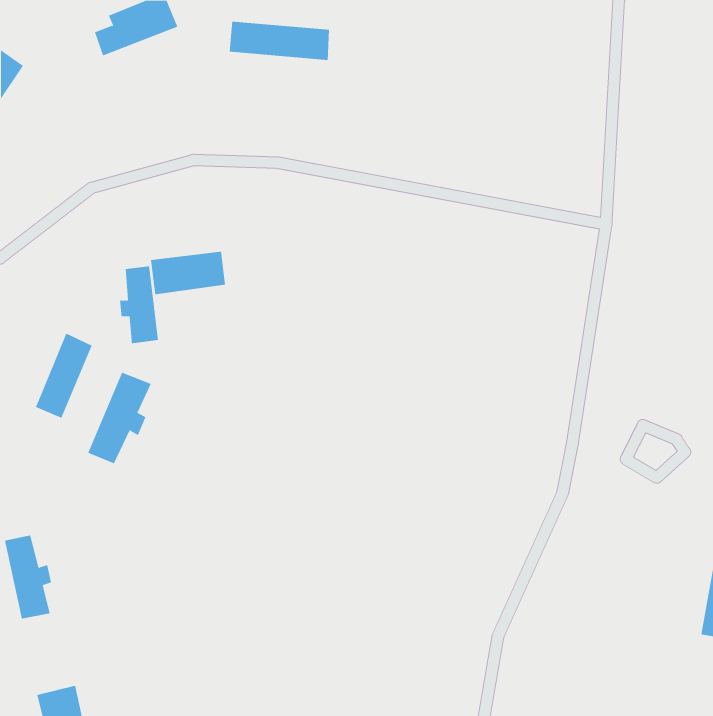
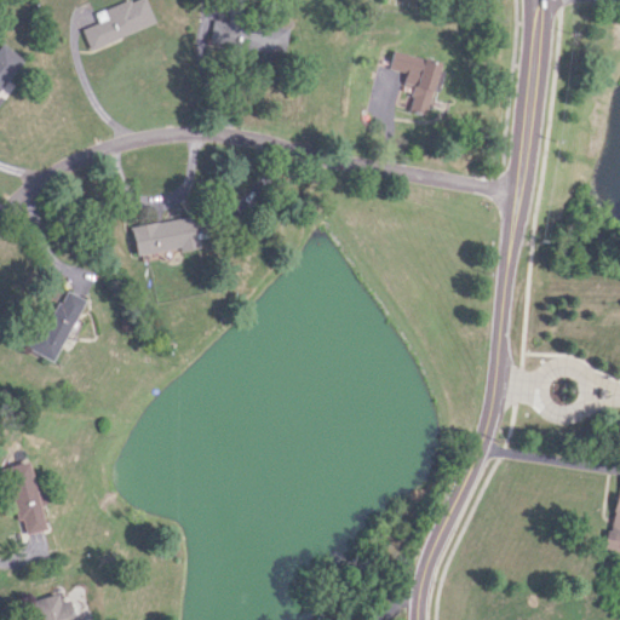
building: none -> [390,51,444,115]
building: [119,266,158,344] -> none
building: [88,372,151,464] -> none

